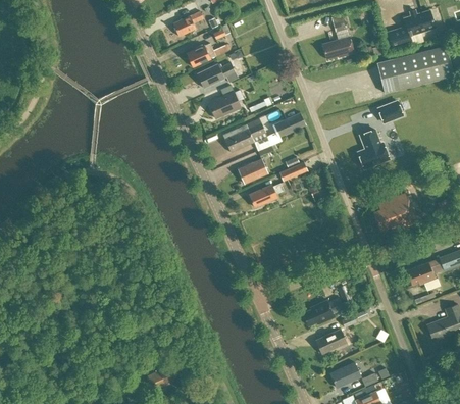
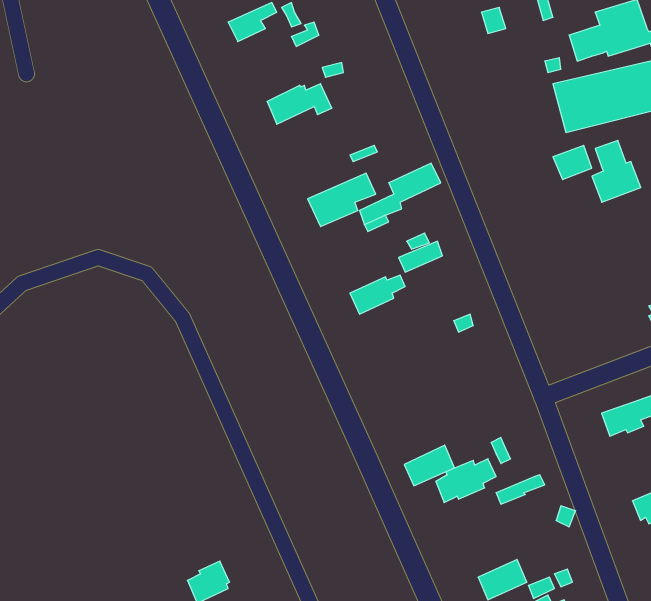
building: [321,36,354,59] -> none
building: [186,43,227,66] -> none
building: [208,85,241,118] -> none
building: [356,130,387,168] -> [592,140,641,202]
building: [238,158,268,183] -> none
building: [373,193,416,231] -> none
building: [315,327,347,353] -> [404,445,455,486]

